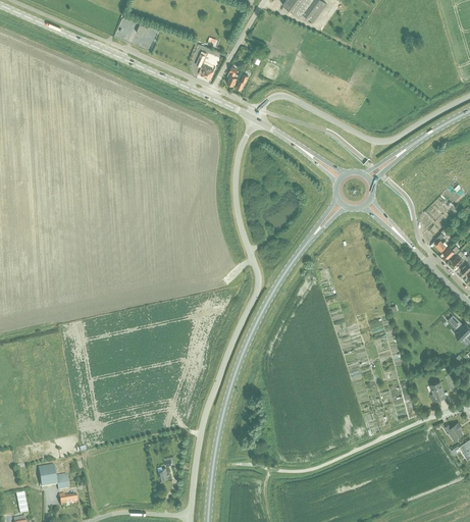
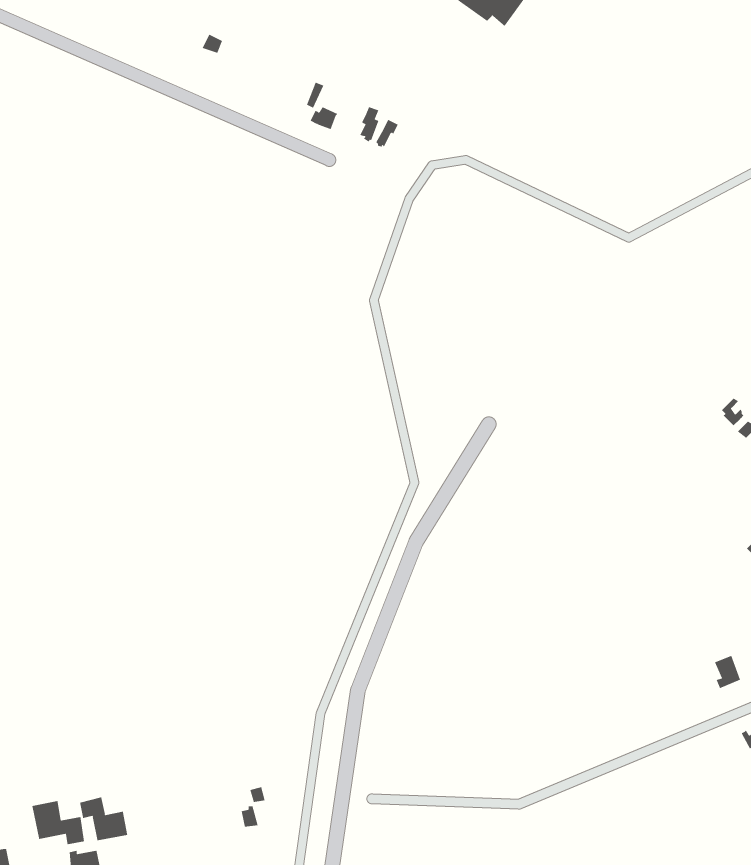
building: none -> [79,797,128,841]

